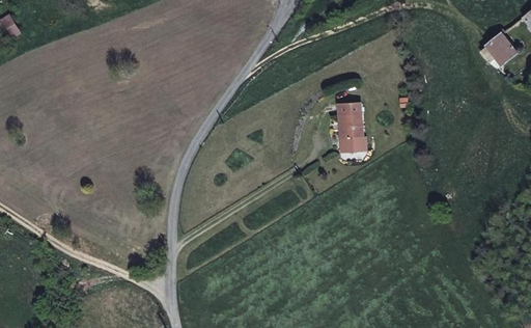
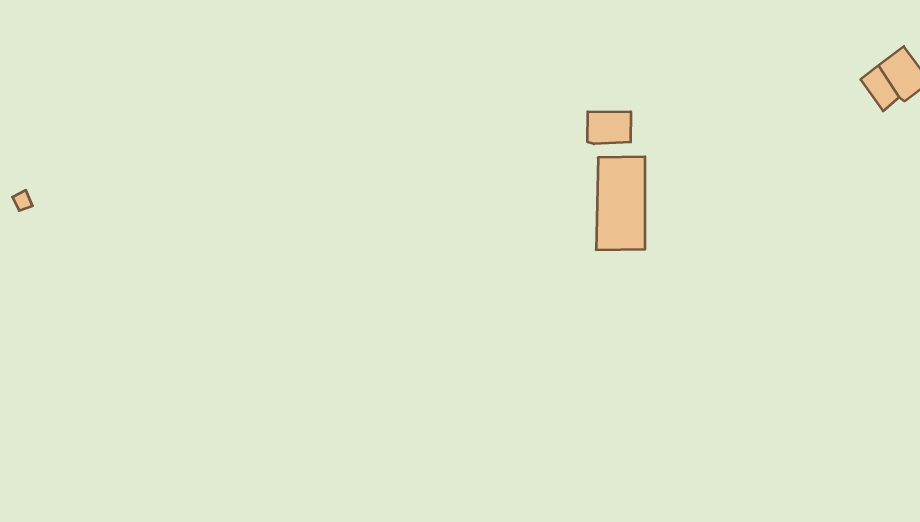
building: none -> [588,112,631,144]

